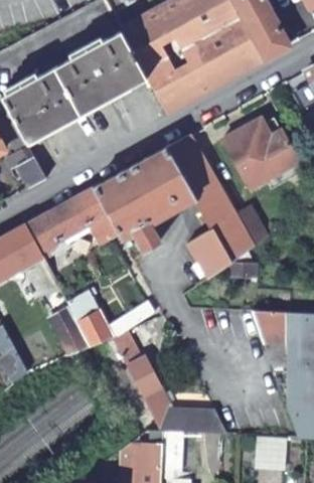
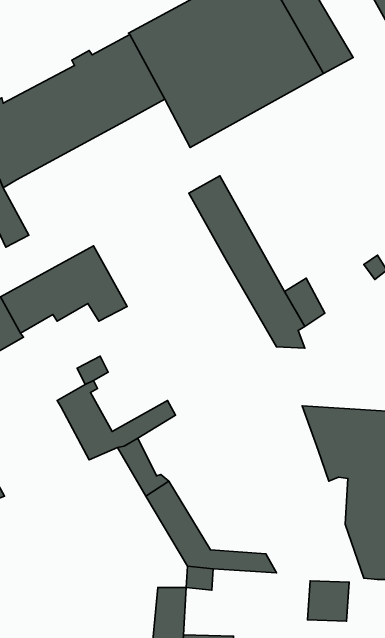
building: [221,120,299,189] -> none
building: [95,148,194,255] -> none
building: [175,231,231,297] -> none
building: [49,308,92,356] -> none

